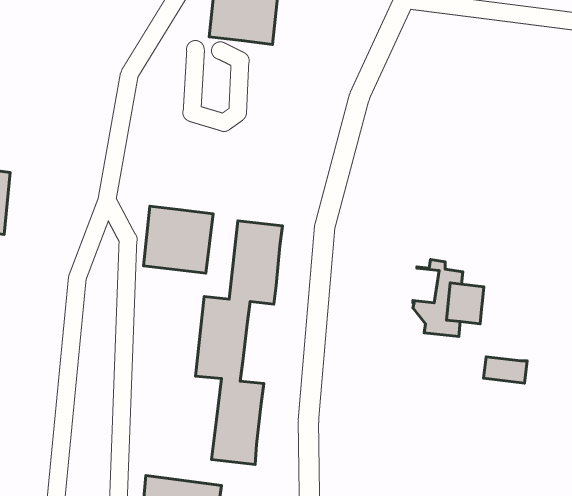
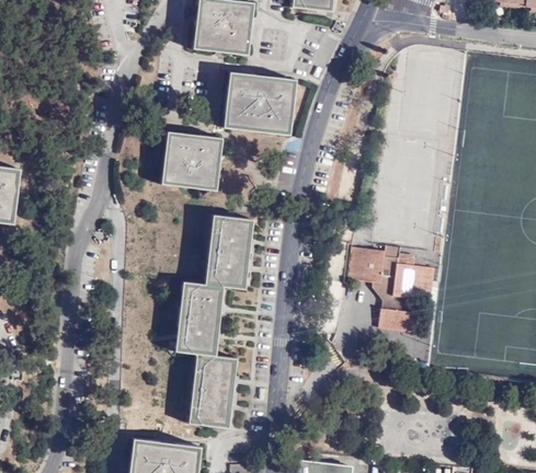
building: none -> [221,72,294,136]
building: [144,206,213,273] -> [161,129,223,188]
building: none -> [347,251,394,284]
building: [484,357,527,383] -> [378,310,417,333]

